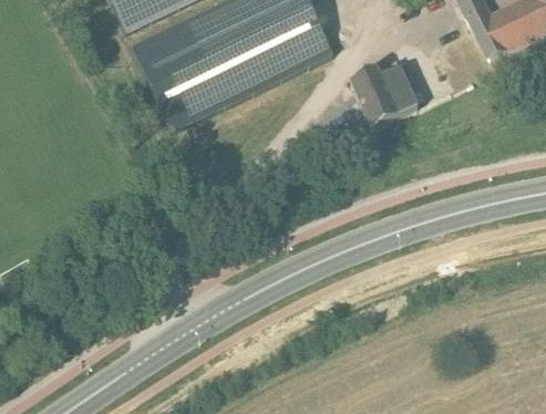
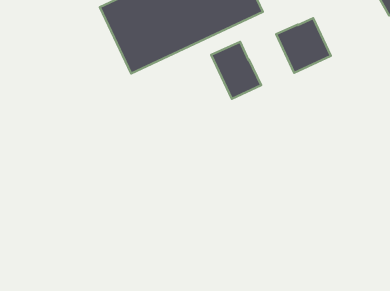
building: none -> [211,42,261,99]

